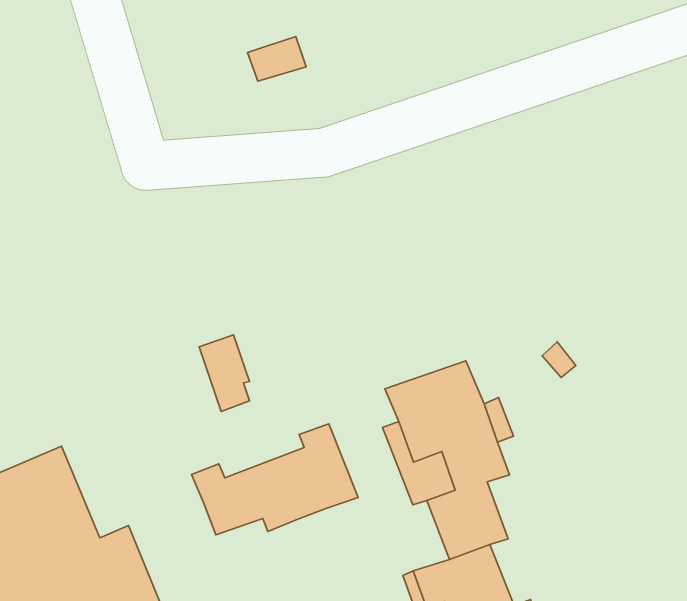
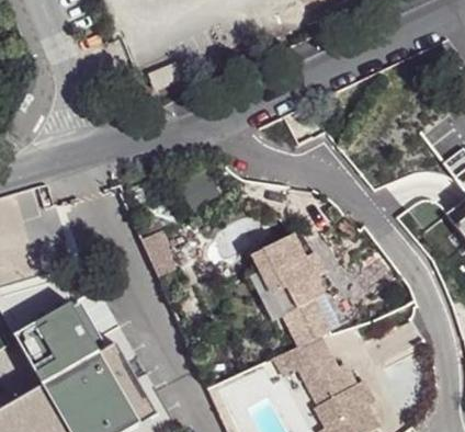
building: [191,424,358,535] -> none

